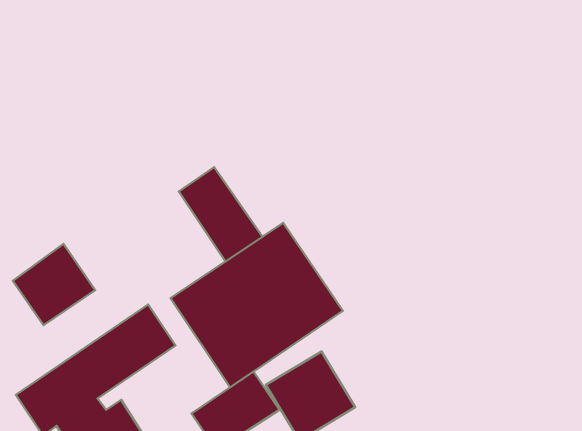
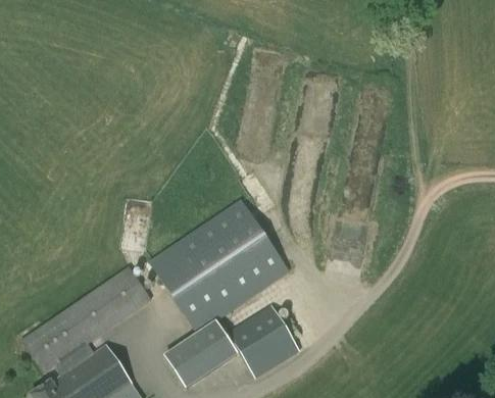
building: [179,167,262,261] -> none
building: [13,244,95,325] -> none

